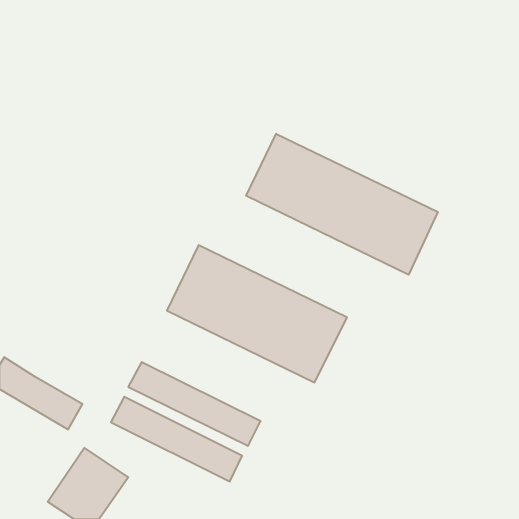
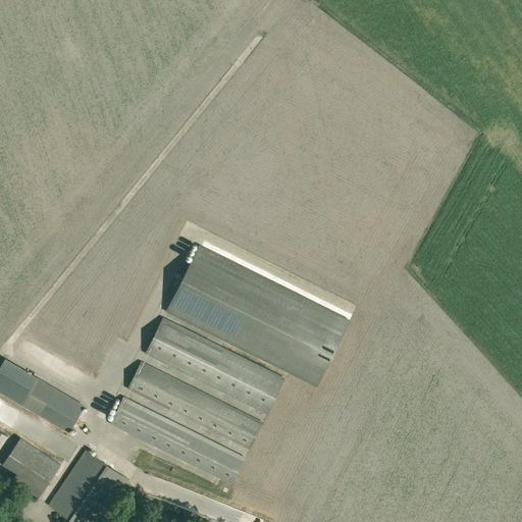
building: [246,134,438,275] -> none
building: none -> [147,319,282,412]
building: none -> [4,436,59,497]

